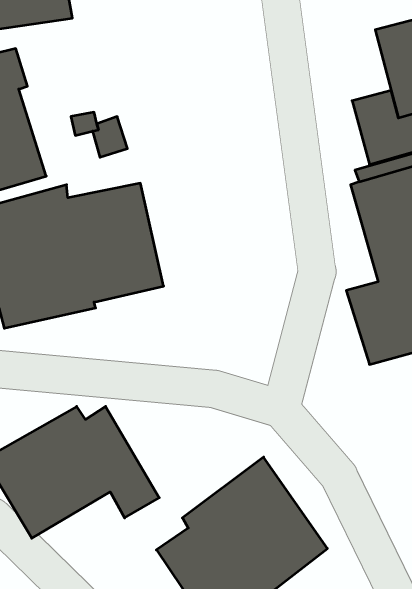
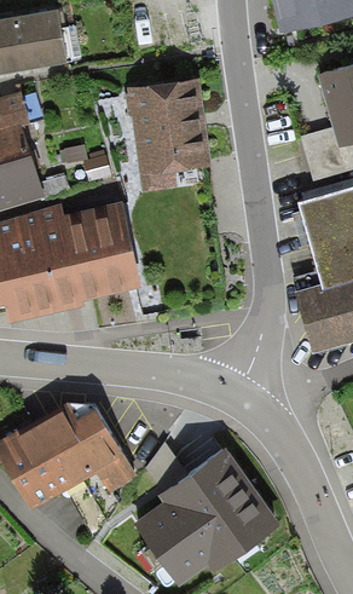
building: none -> [125,80,212,194]

